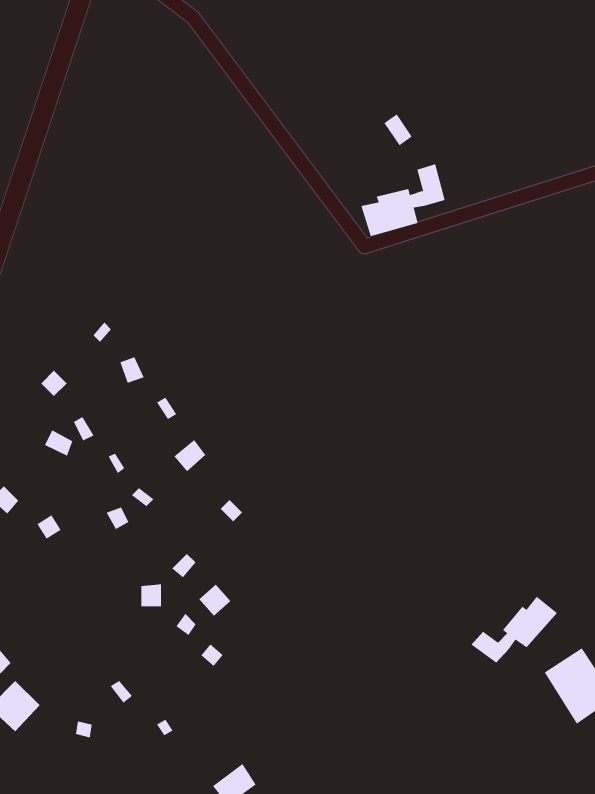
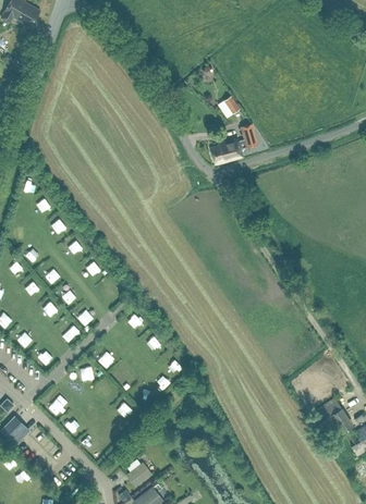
building: [470,596,558,663] -> none

